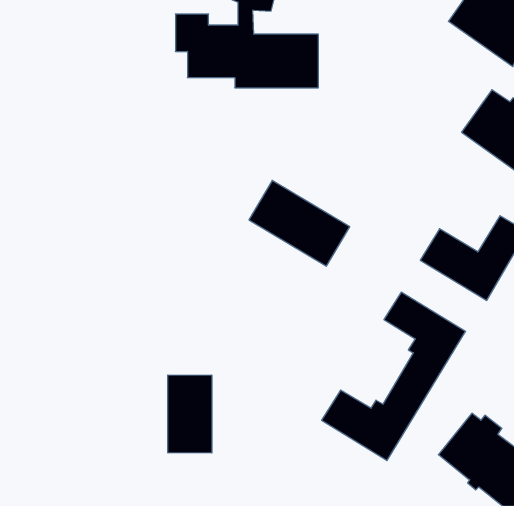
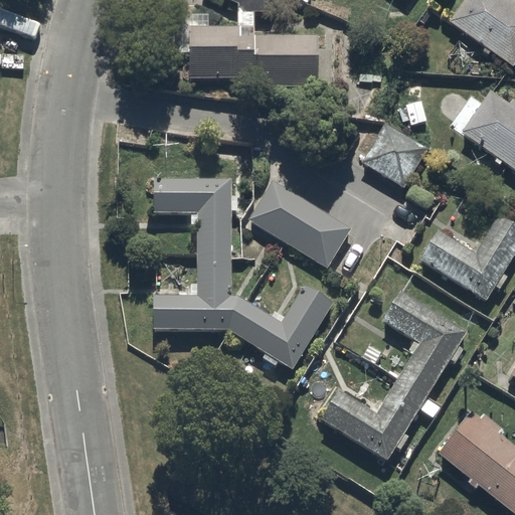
building: none -> [363,122,428,186]
building: none -> [153,178,334,368]
building: [168,375,212,453] -> none

